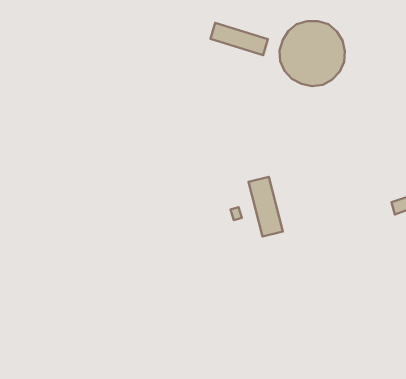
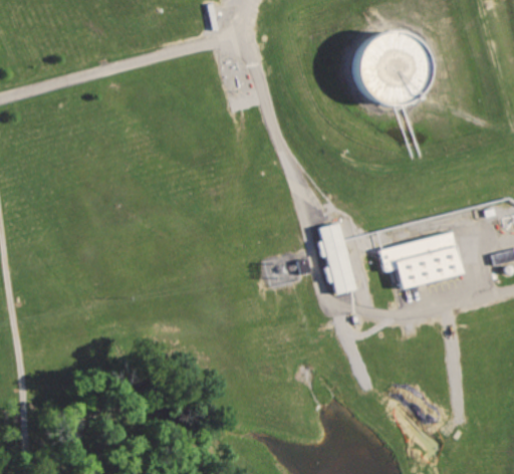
building: [210,23,268,55] -> none
building: none -> [378,228,464,290]

